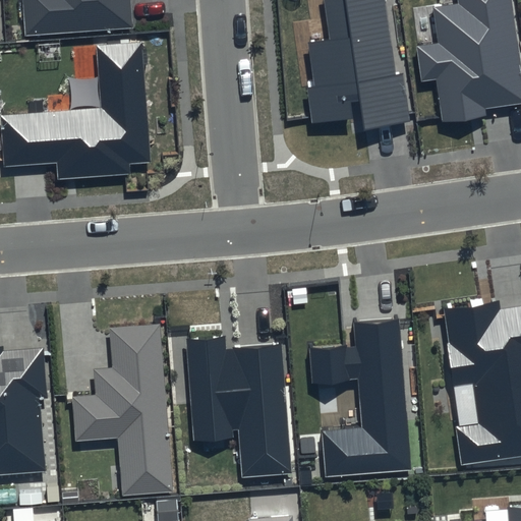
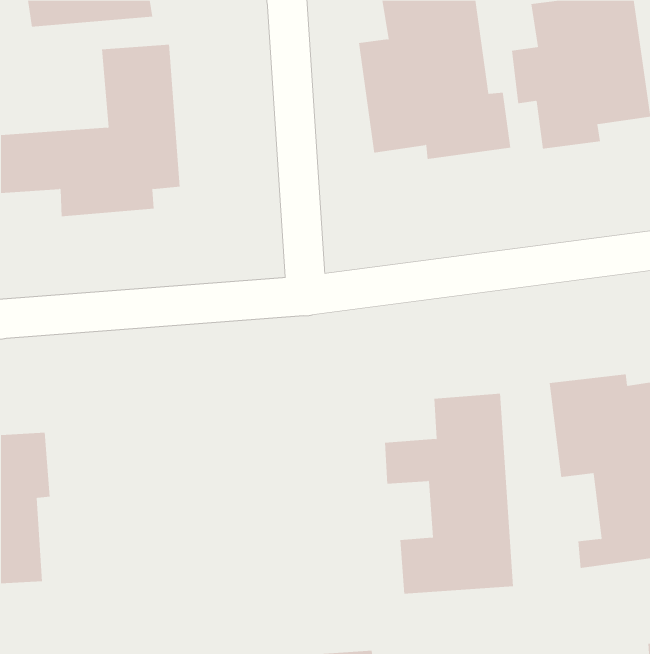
building: [72,327,172,490] -> none
building: [183,336,290,468] -> none

